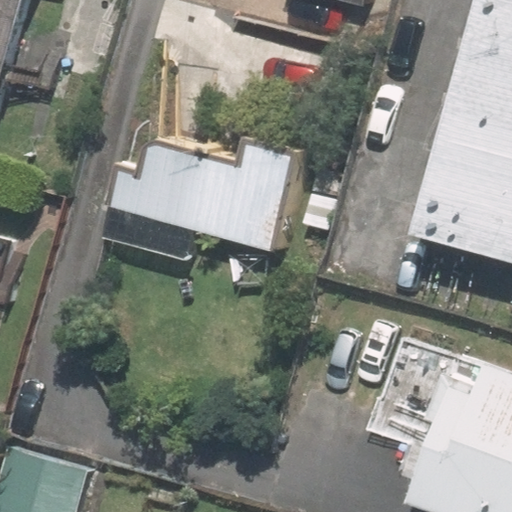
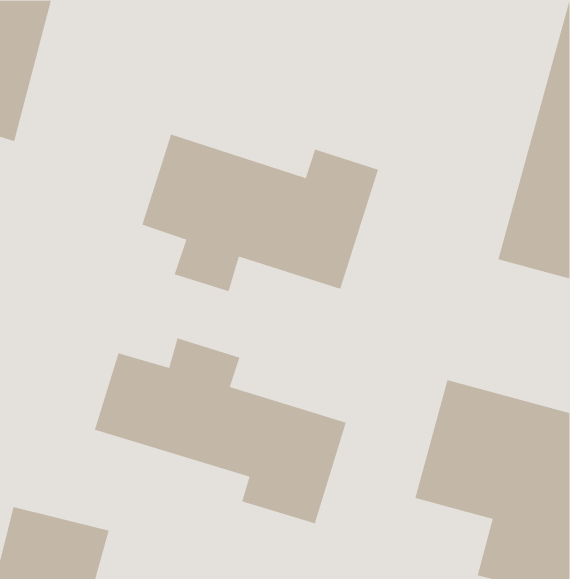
building: none -> [94,337,346,524]

